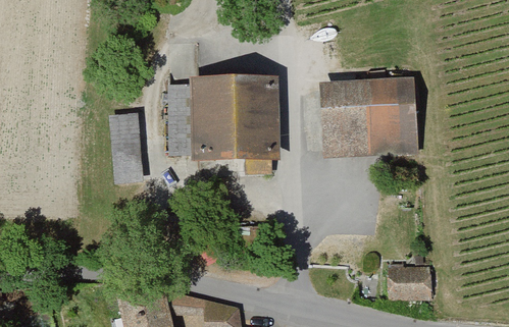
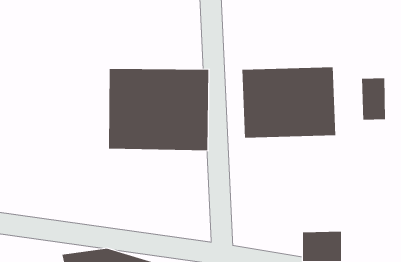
building: none -> [361,77,385,121]
building: [110,114,140,183] -> none

